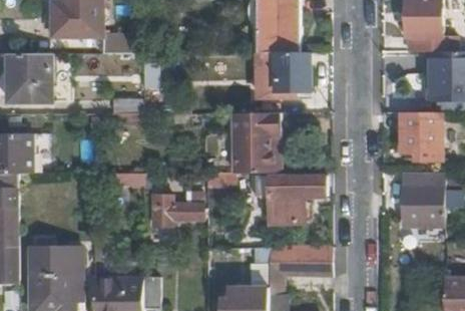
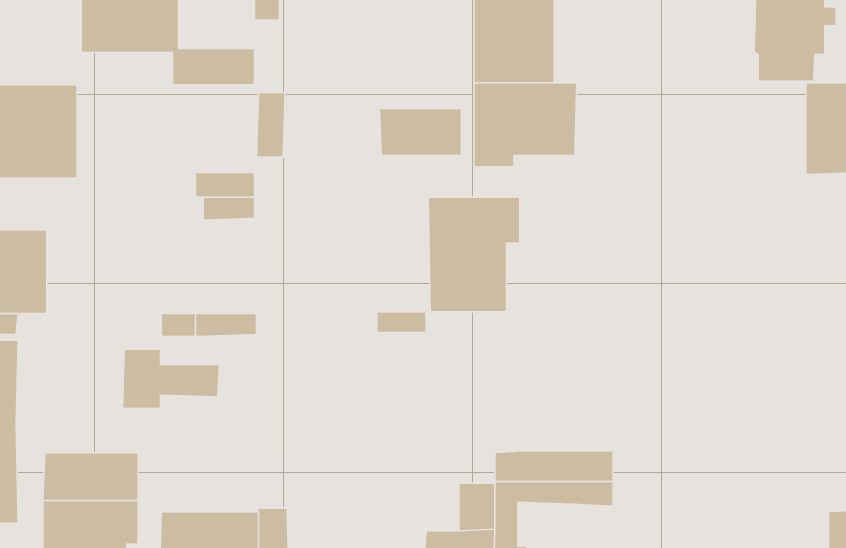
building: none -> [380,108,462,156]
building: [401,112,443,159] -> none
building: [257,177,326,224] -> none
building: [405,178,444,218] -> none
building: [151,195,202,226] -> [122,349,220,408]

